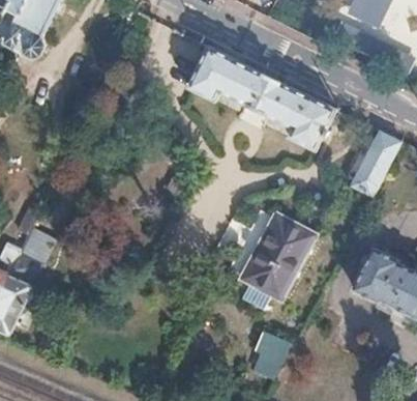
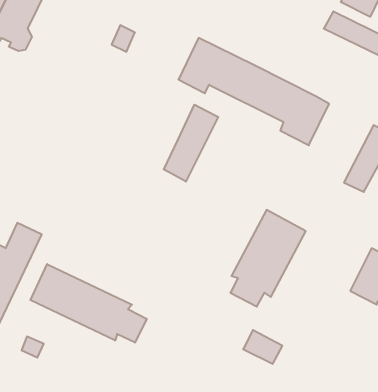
building: none -> [164,105,218,182]
building: none -> [30,264,147,343]

